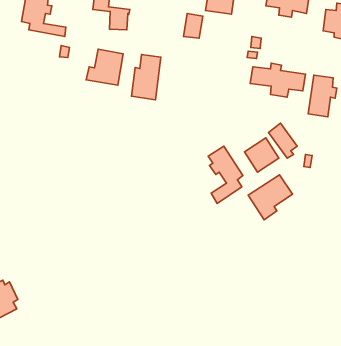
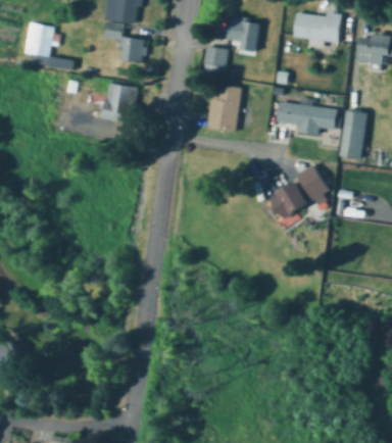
building: [131,55,161,100] -> [207,83,240,133]
building: [208,146,243,203] -> none
building: [248,175,292,220] -> none

